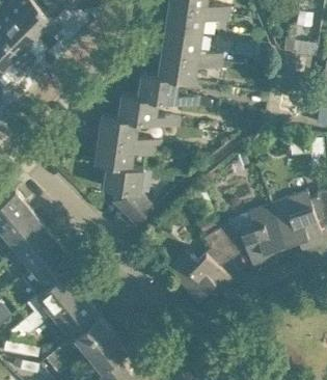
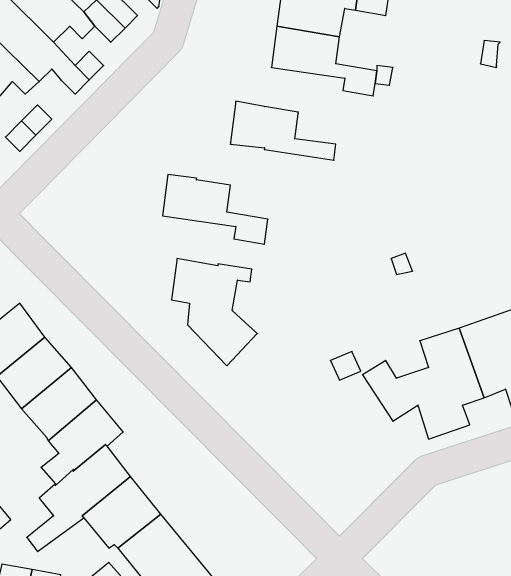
building: [158,53,205,82] -> none
building: [118,94,180,128] -> none
building: [94,139,141,168] -> none
building: [167,232,234,299] -> none

